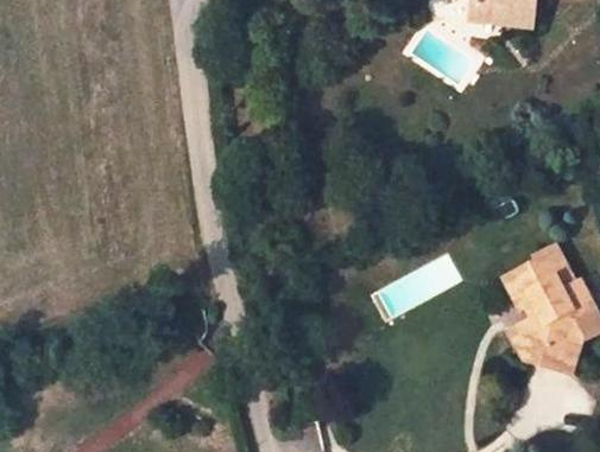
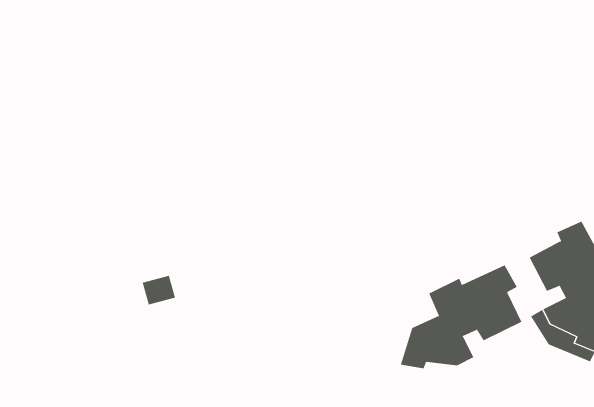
building: none -> [400,265,522,369]

